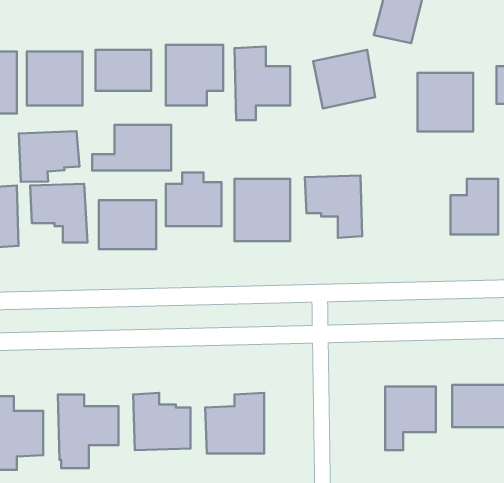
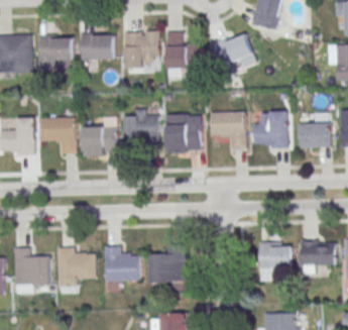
building: [418,73,473,132] -> [253,111,287,147]
building: [92,125,171,170] -> none
building: [19,131,79,182] -> none

